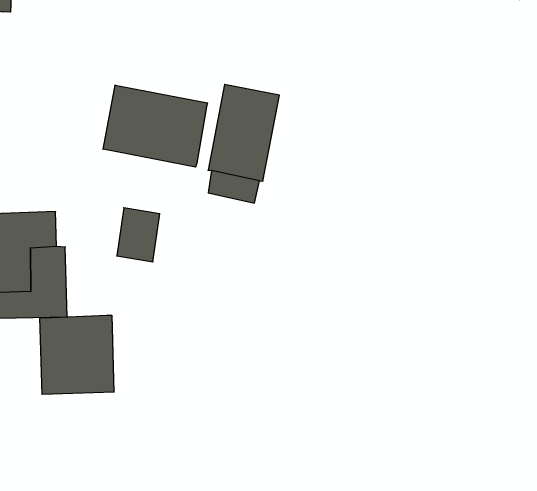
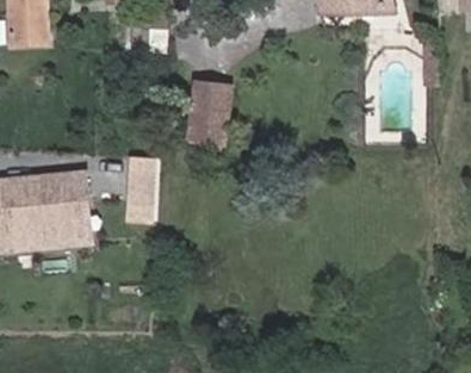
building: [103,85,208,167] -> none
building: [40,315,114,394] -> none

